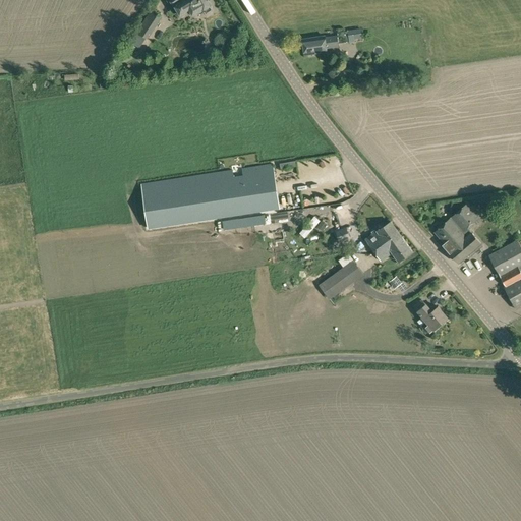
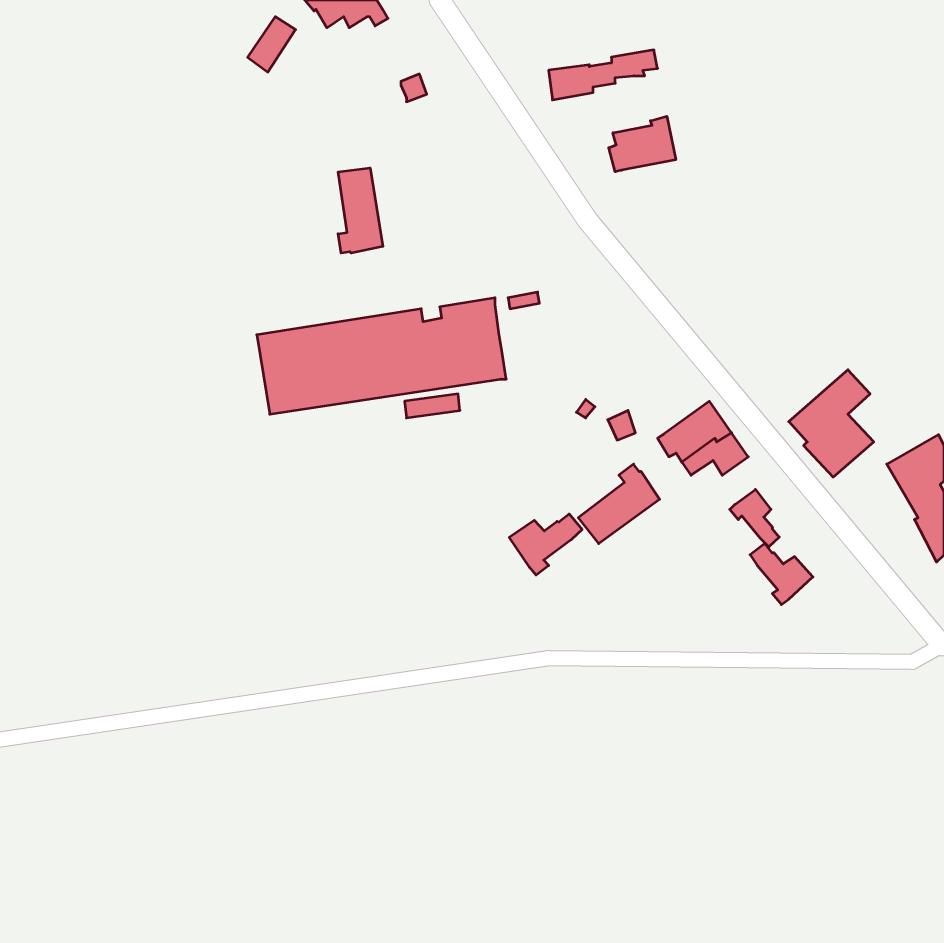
building: none -> [609,116,676,172]
building: none -> [338,168,383,253]
building: none -> [730,489,779,547]
building: none -> [509,514,582,575]

